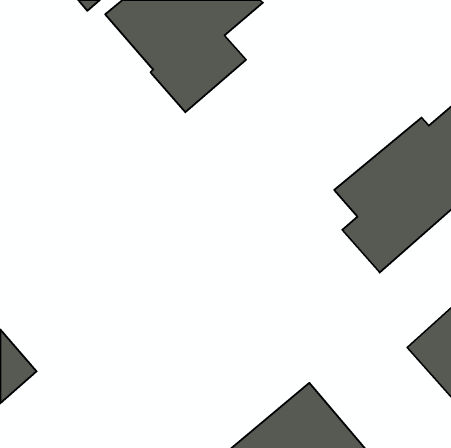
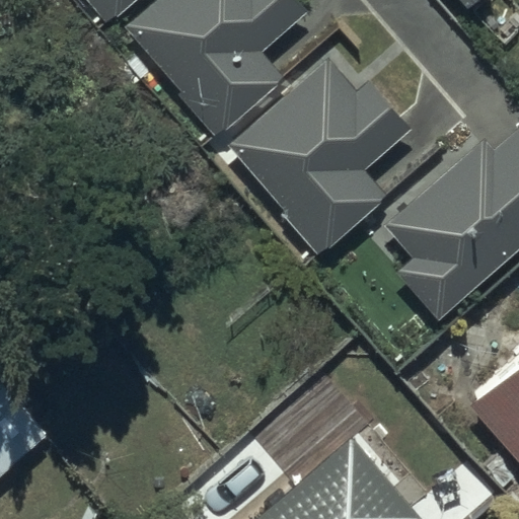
building: none -> [226,56,410,253]

